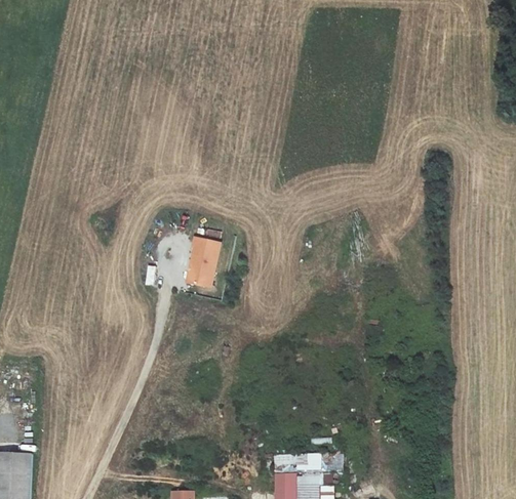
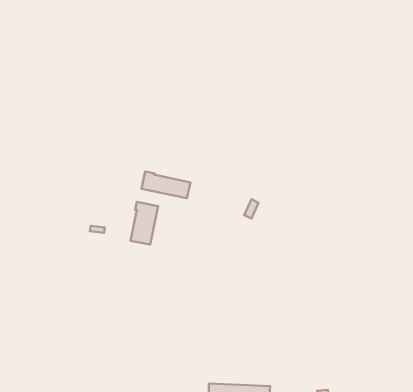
building: none -> [142,171,191,198]

